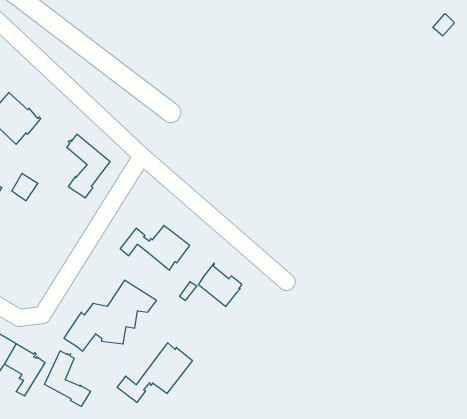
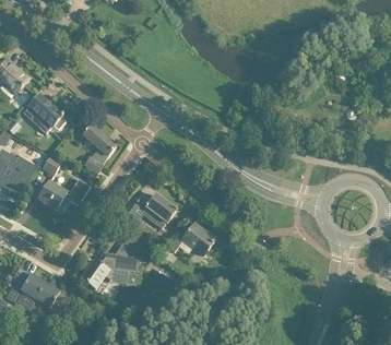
building: none -> [37,179,88,210]
building: [117,343,192,403] -> none
building: [45,351,90,406] -> none

